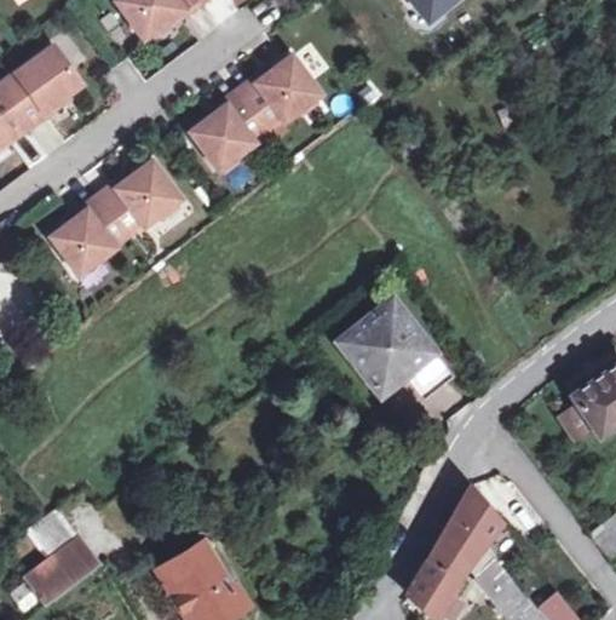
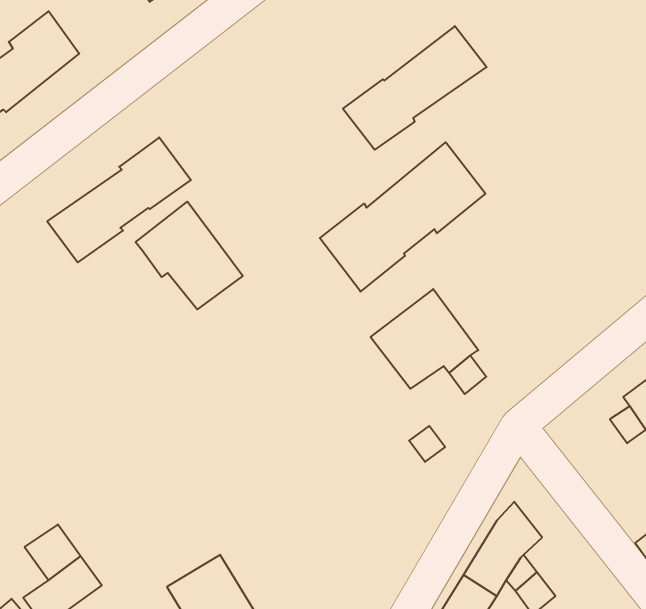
building: [190,57,321,170] -> [343,26,487,150]
building: none -> [320,142,485,292]
building: none -> [136,202,243,309]

